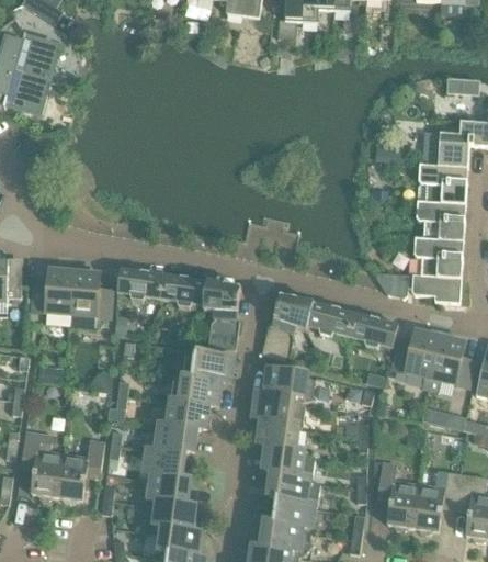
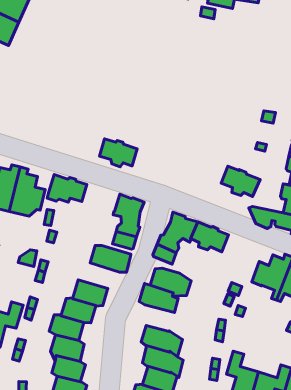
building: [160,274,207,307] -> [99,139,137,167]
building: [349,313,398,348] -> [221,166,260,196]
building: [170,374,222,405] -> none
building: [257,418,299,448] -> none

